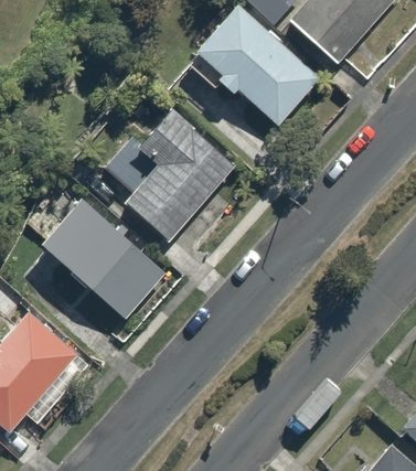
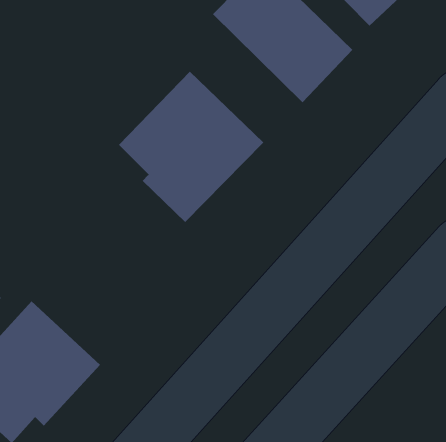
building: [40,191,170,321] -> none

